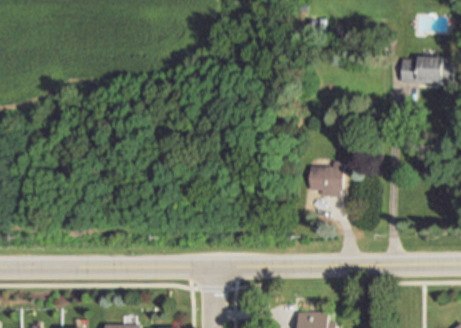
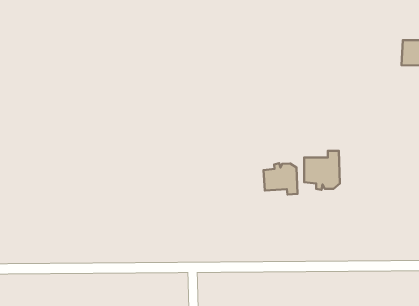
building: none -> [263,163,297,194]

